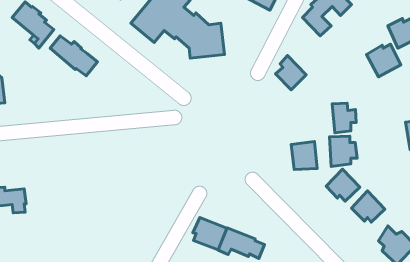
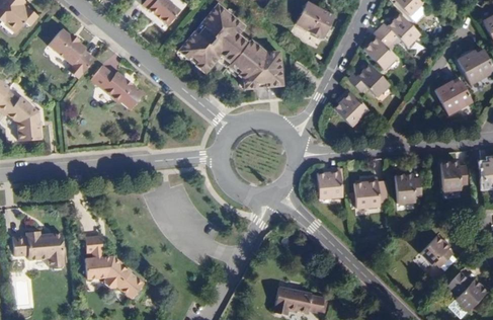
building: none -> [350,63,391,95]
building: [332,103,356,133] -> [440,163,467,195]
building: none -> [317,172,344,202]
building: [326,169,360,201] -> none
building: none -> [85,236,142,298]
building: [193,217,227,250] -> none

